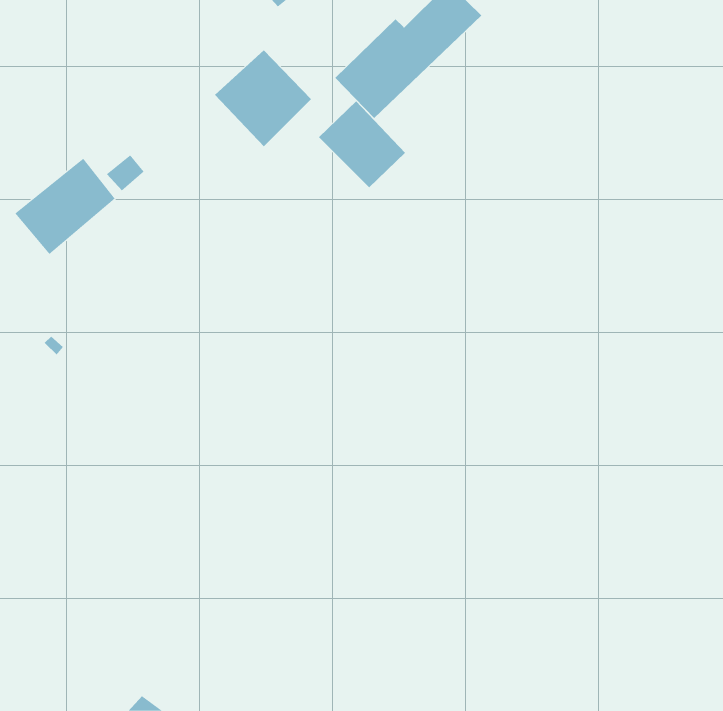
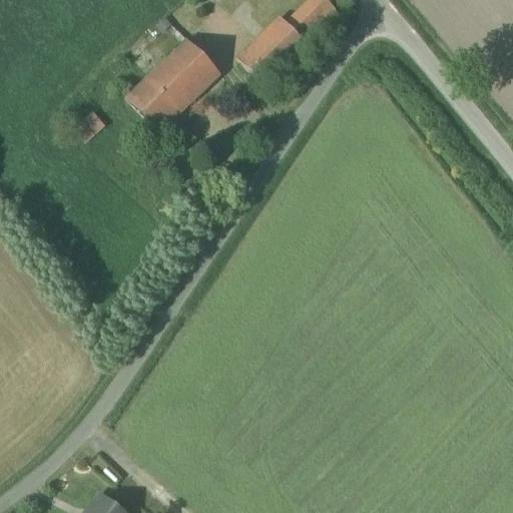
building: [318,100,406,188] -> [125,67,187,129]
building: [15,158,116,255] -> none

